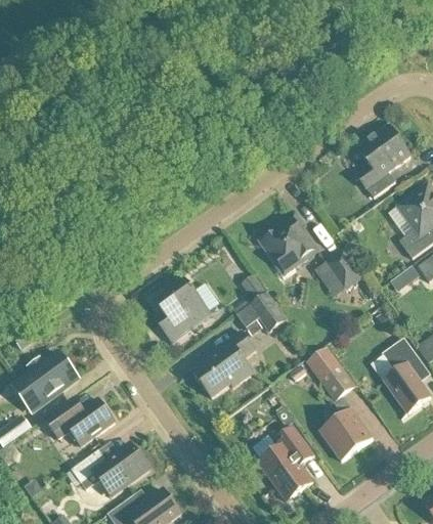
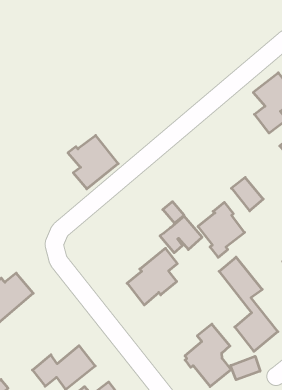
building: [260,212,316,278] -> [198,202,245,257]
building: [150,277,211,342] -> [68,135,118,189]
building: [43,397,114,446] -> none
building: none -> [231,356,260,380]

